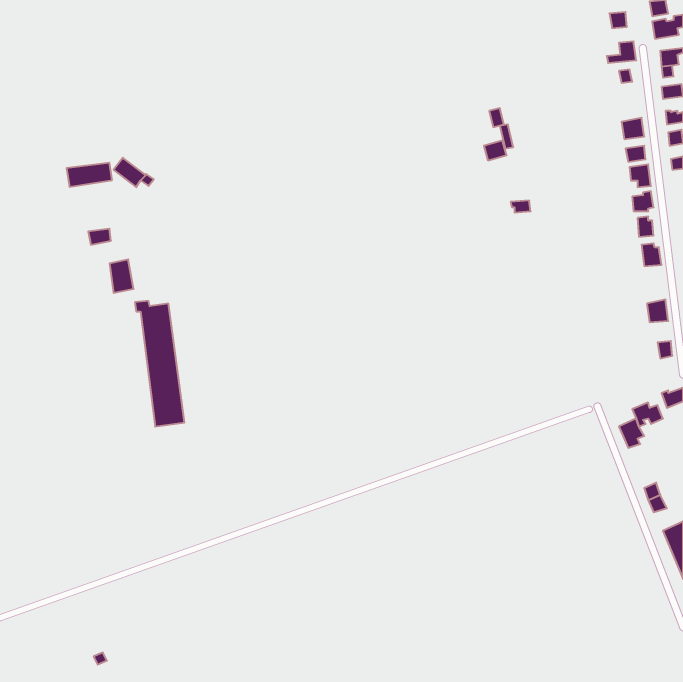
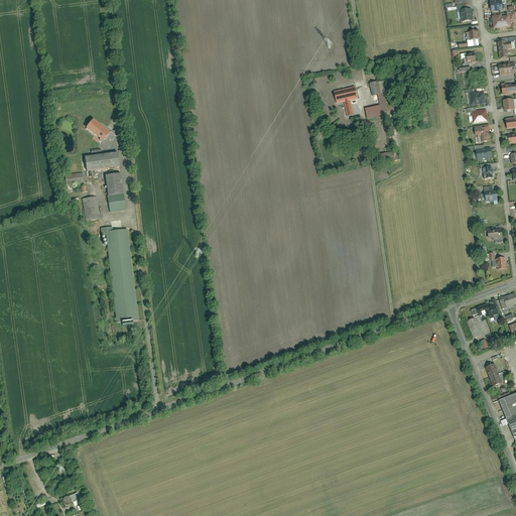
building: none -> [336,88,358,117]
building: [67,163,112,187] -> [85,152,119,170]
building: none -> [105,172,126,212]

